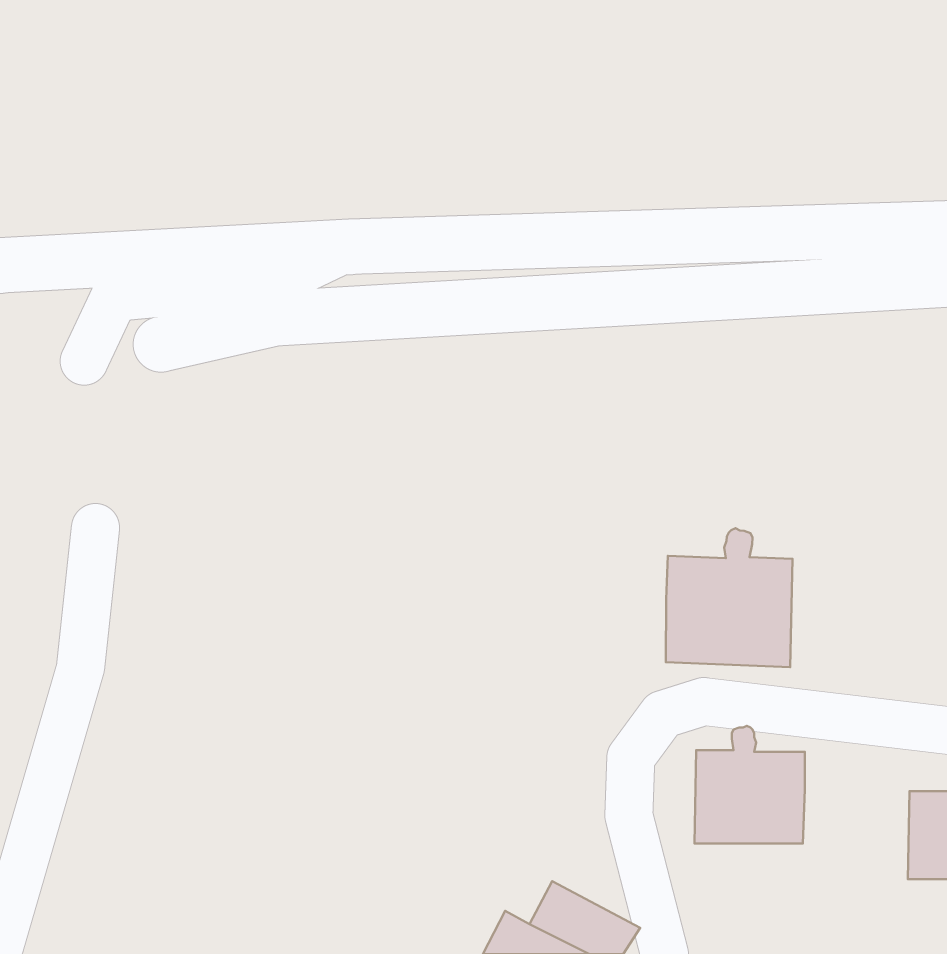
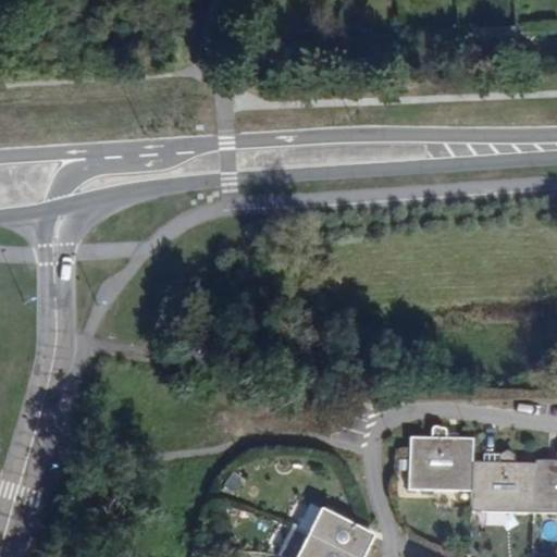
building: [666,528,792,667] -> none
building: none -> [472,444,534,511]

